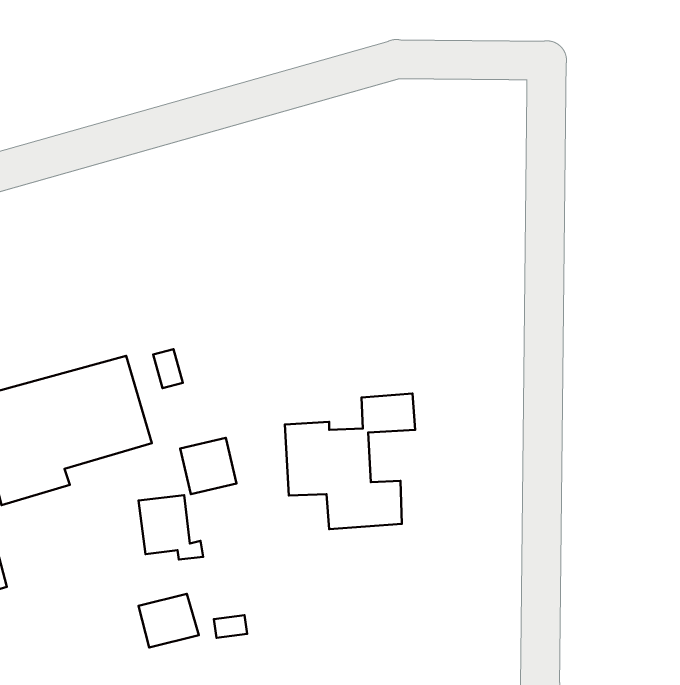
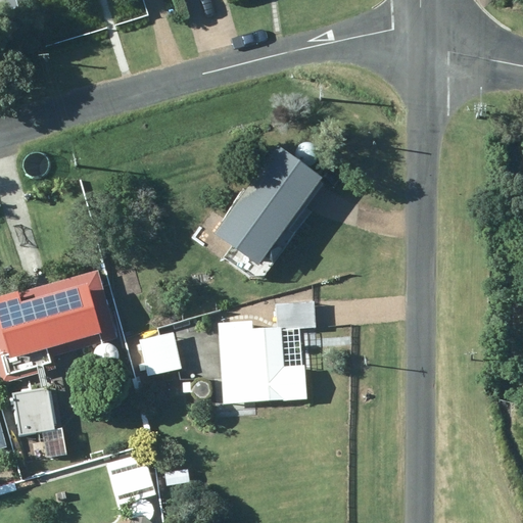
building: none -> [217,146,325,267]
building: [139,495,203,560] -> [13,390,62,439]

